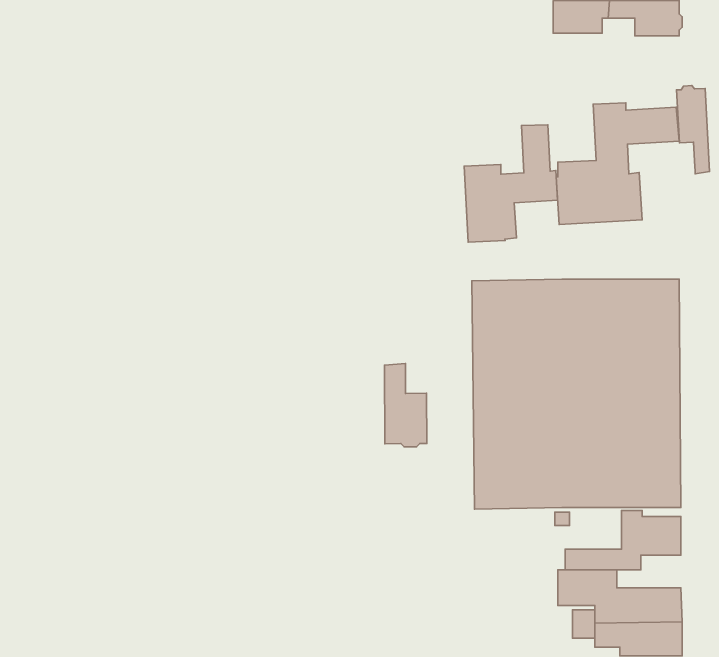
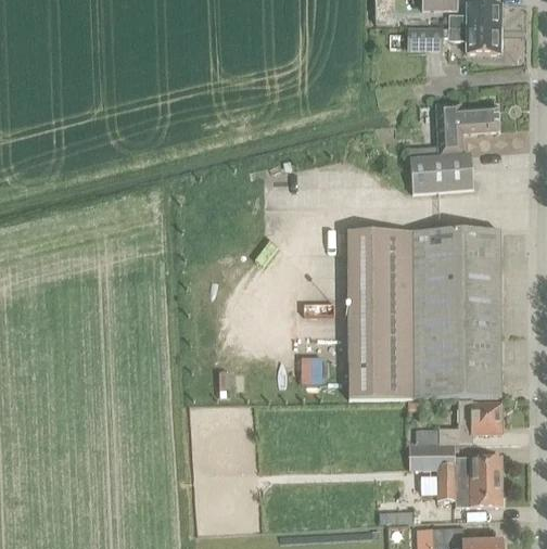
building: [677,86,709,174] -> none
building: [464,125,558,242] -> none
building: [384,363,427,447] -> none

